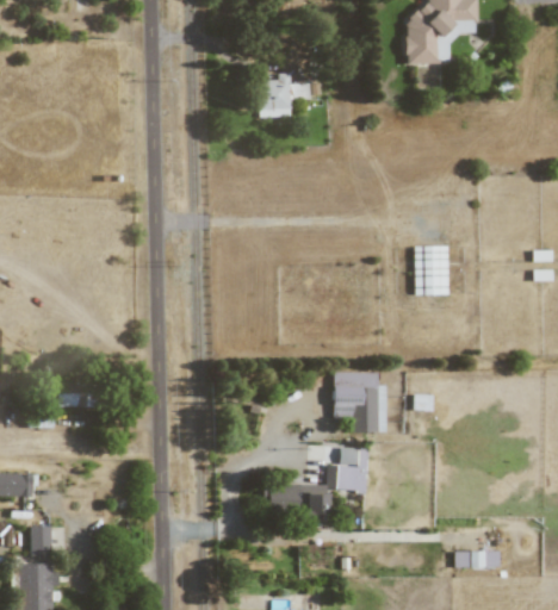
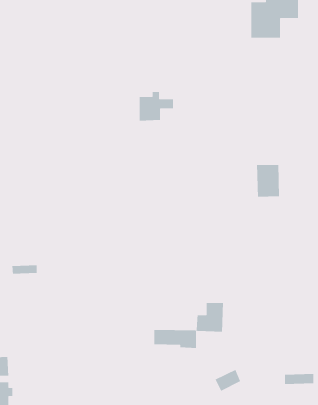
building: [260,73,311,117] -> [139,91,174,121]
building: [334,372,388,431] -> none
building: none -> [214,369,241,392]

